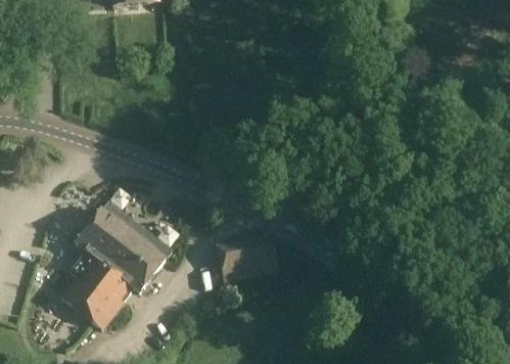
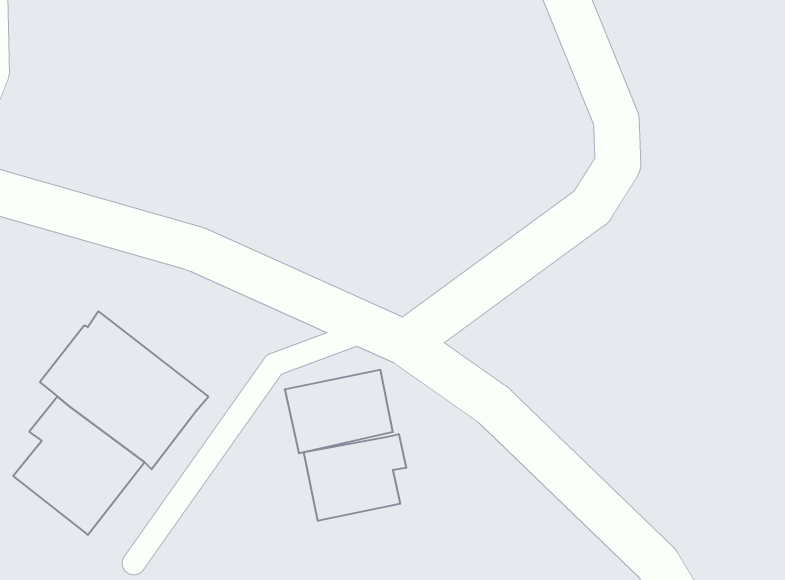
building: none -> [304,434,406,521]

